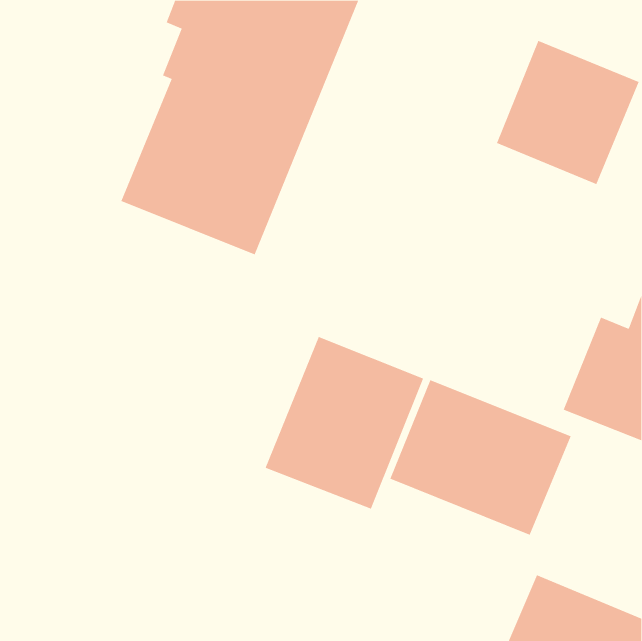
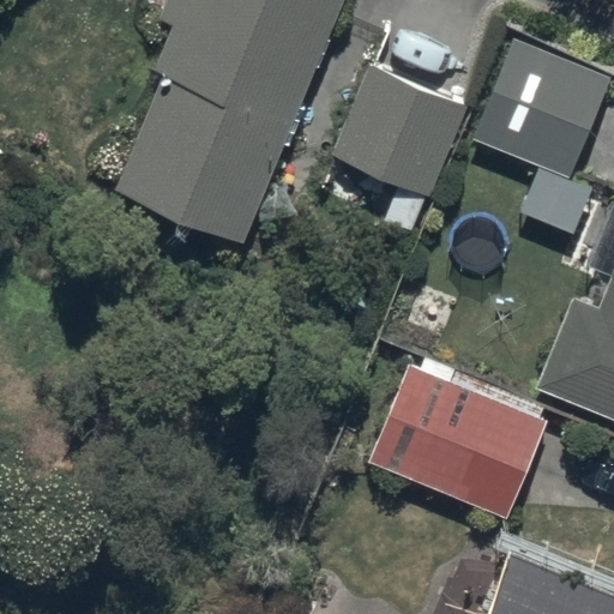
building: none -> [332,66,466,195]
building: [265,336,424,509] -> none

